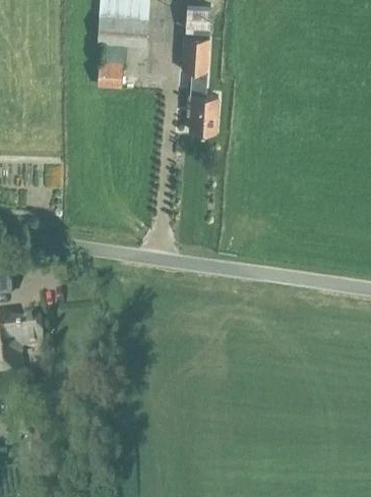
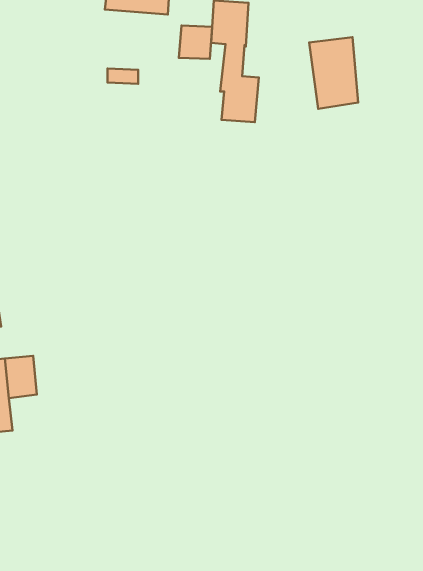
building: [96,56,122,82] -> [179,26,212,59]
building: none -> [309,37,358,109]

